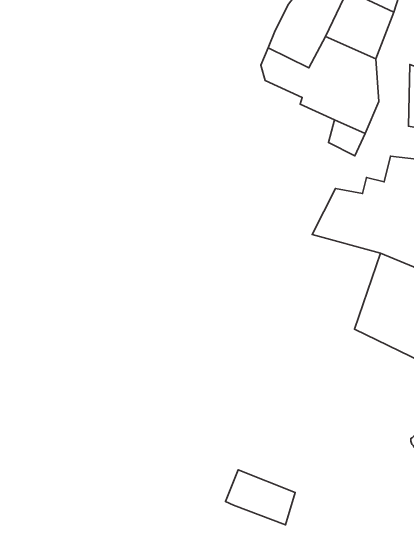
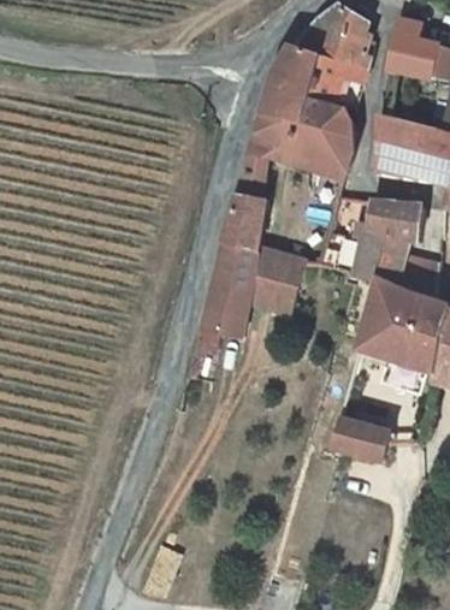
building: none -> [199,156,301,338]
building: [226,470,295,525] -> [332,420,392,464]

